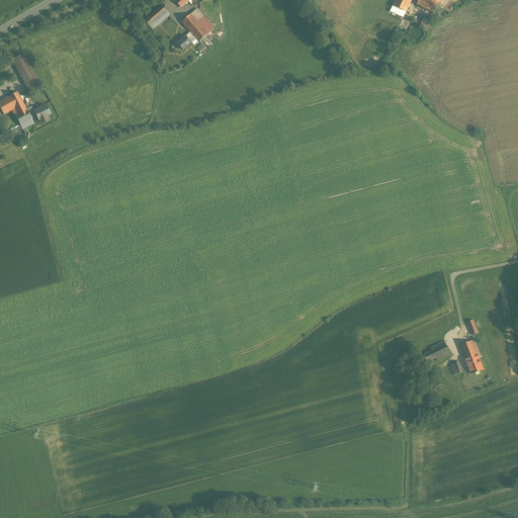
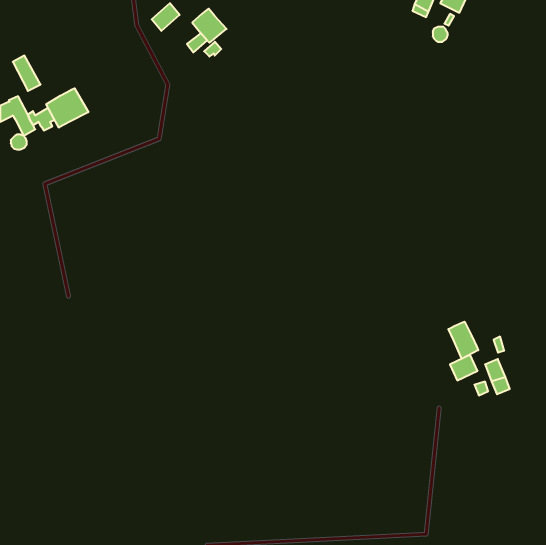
building: none -> [46,88,88,128]
building: none -> [448,322,478,359]

